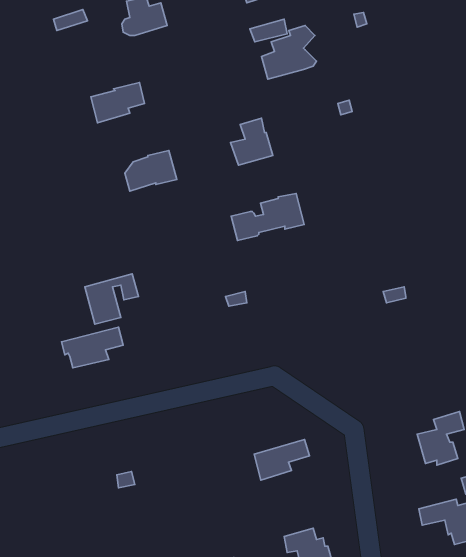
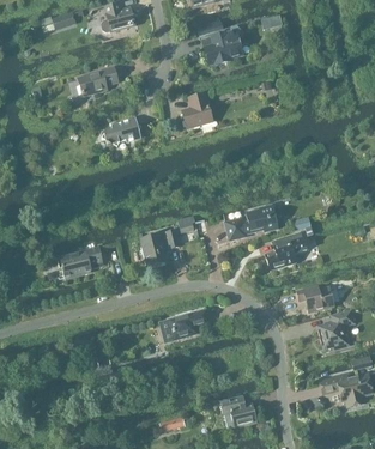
building: [231,194,304,241] -> [224,205,278,239]
building: [85,274,139,324] -> [140,229,180,266]
building: none -> [265,233,307,271]
building: none -> [296,285,333,311]
building: [254,440,310,480] -> [169,309,210,339]

